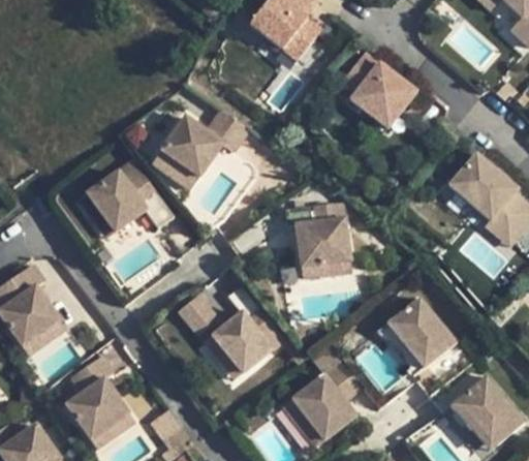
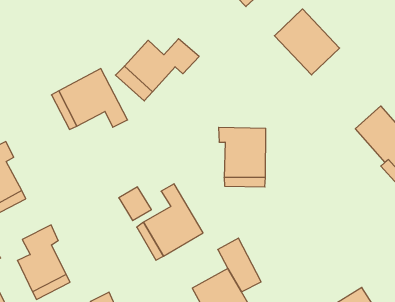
building: [387,297,456,368] -> none

